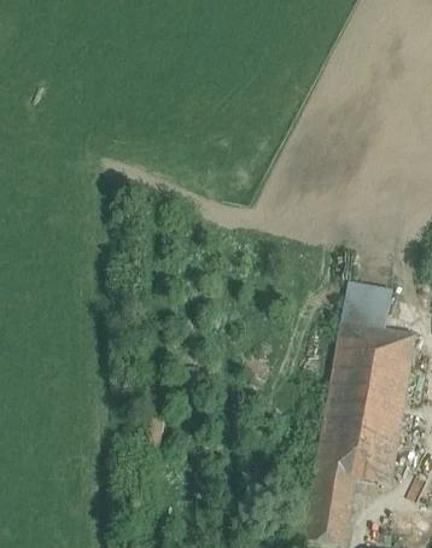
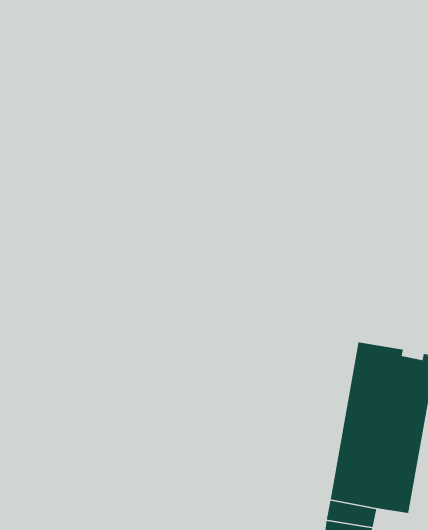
building: [340,281,389,332] -> none

